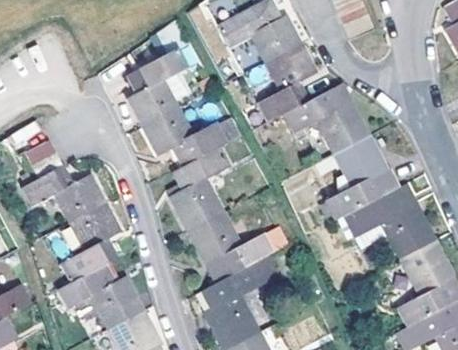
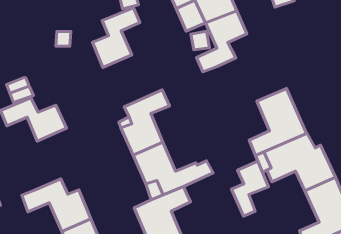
building: [283,83,369,153] -> none
building: [144,107,239,163] -> none
building: [62,202,120,280] -> none
building: none -> [231,161,268,216]

